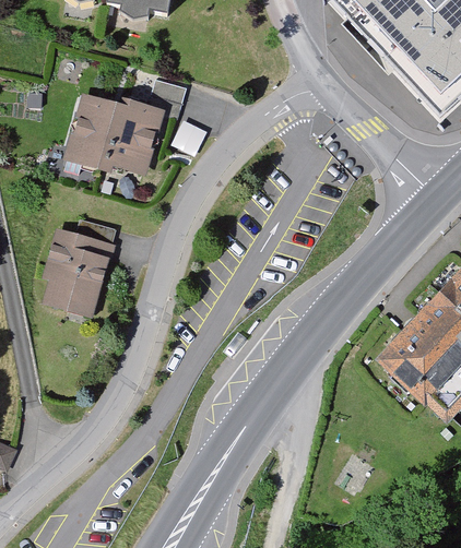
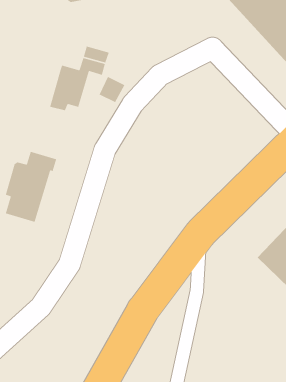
building: [64,94,120,167] -> none

